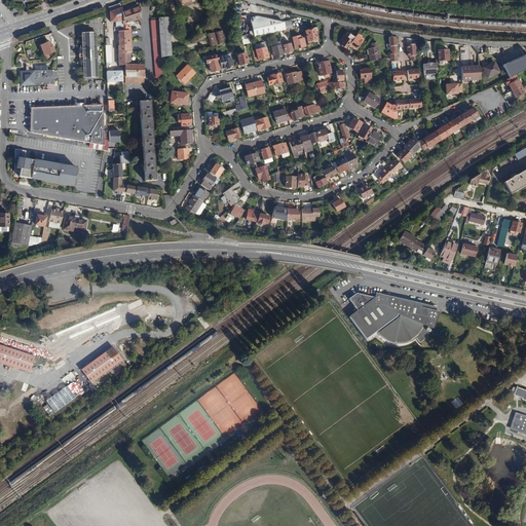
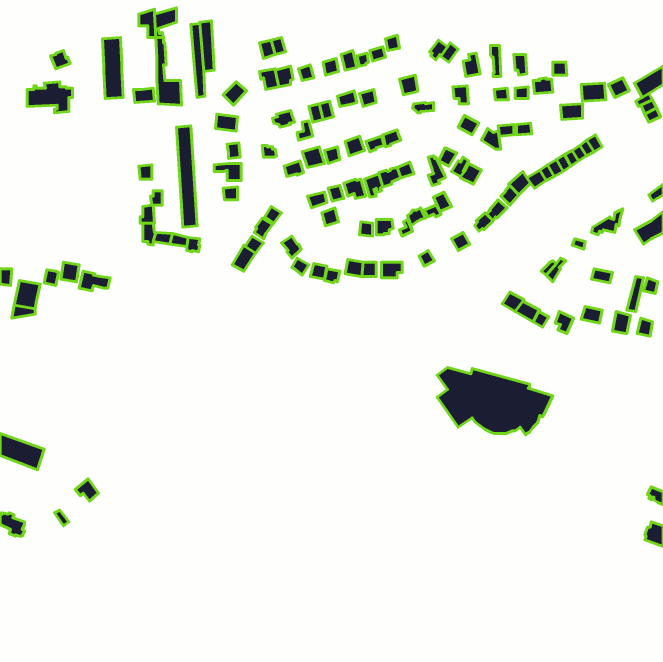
building: [250,15,293,36] -> none
building: [31,103,104,145] -> none
building: [14,148,76,186] -> none
building: [81,345,122,382] -> none

